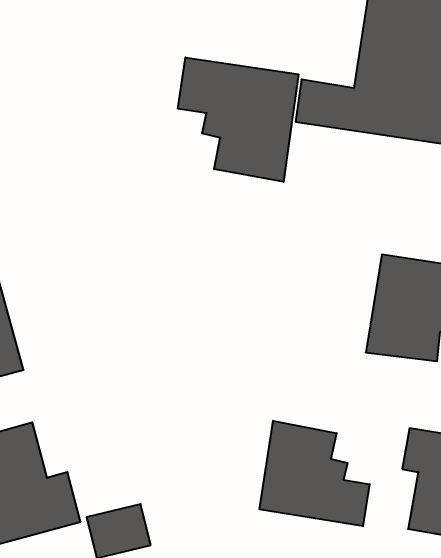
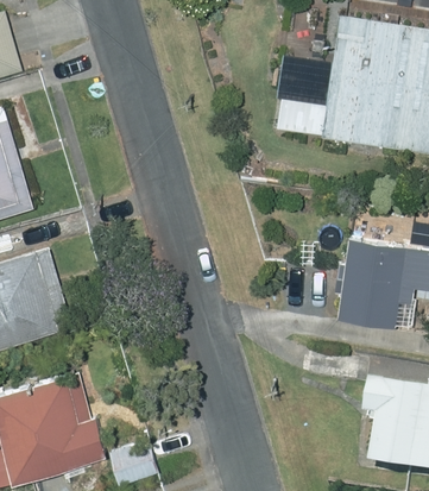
building: [178,57,298,182] -> none
building: [260,421,370,526] -> none

